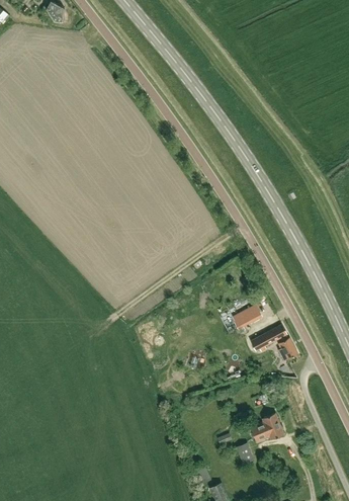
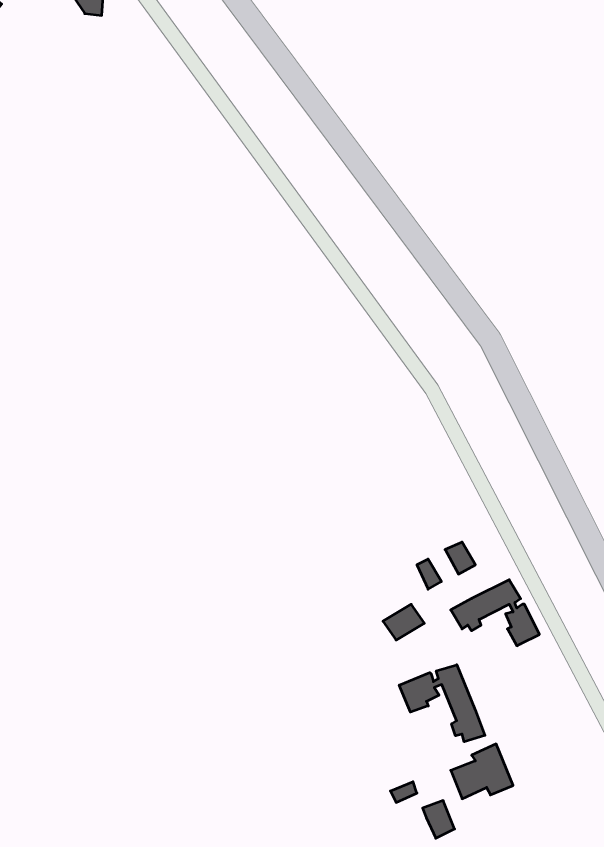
building: none -> [399,665,485,742]

